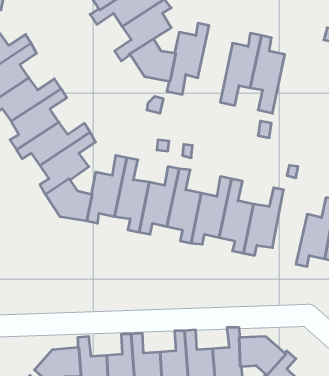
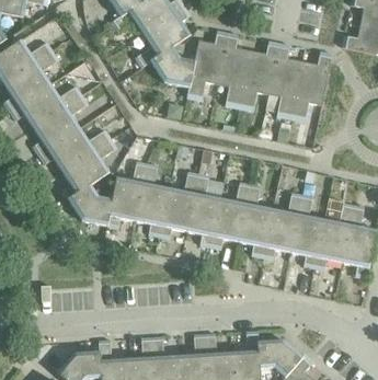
building: none -> [217,33,251,108]
building: none -> [290,51,332,122]
building: none -> [290,195,324,268]

